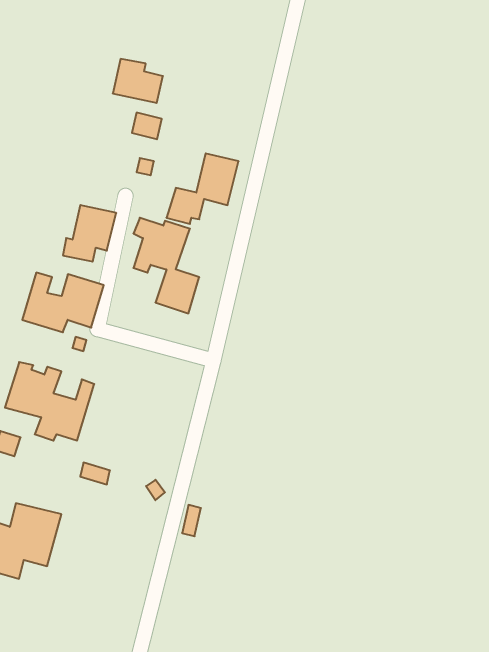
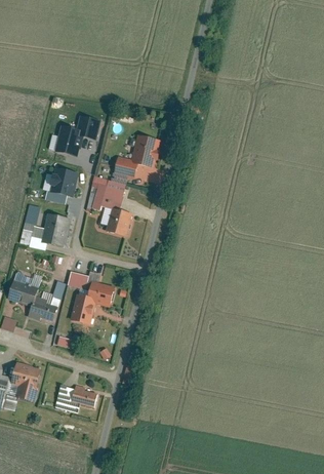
building: [113,59,163,103] -> [53,124,86,153]
building: none -> [68,272,114,324]
building: none -> [55,383,98,413]

